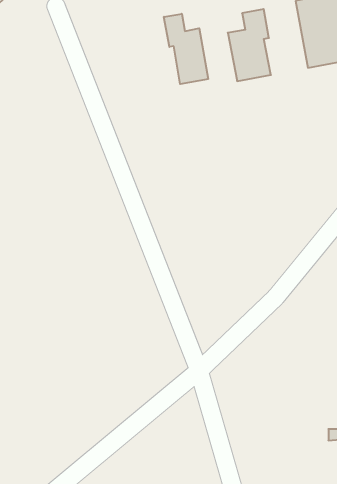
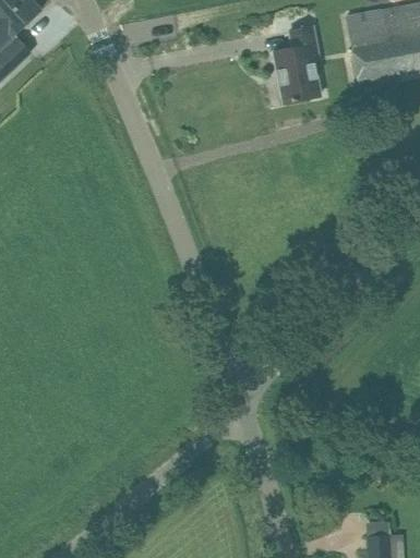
building: [164,14,208,84] -> none

